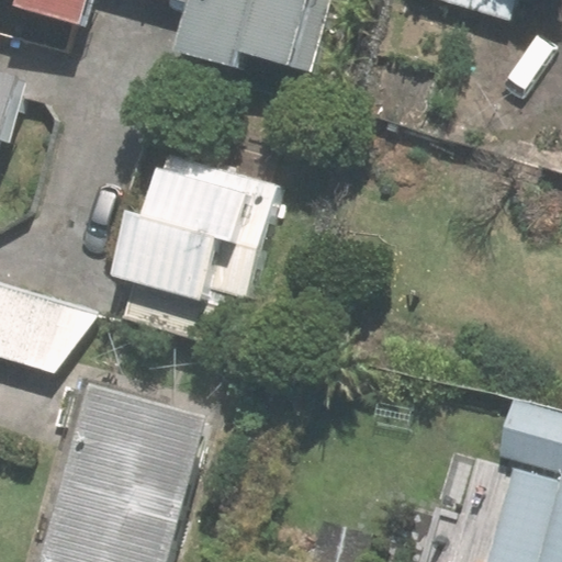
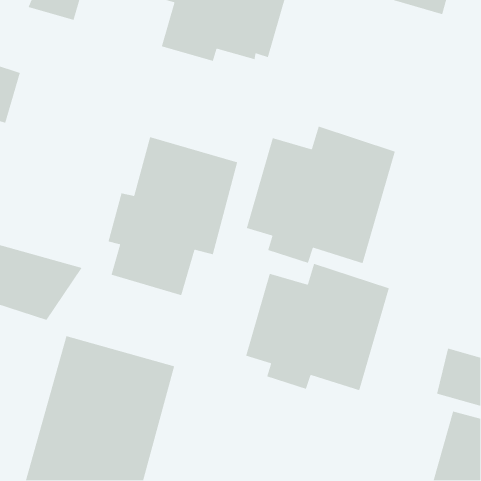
building: none -> [246,126,396,264]
building: none -> [245,263,390,391]

